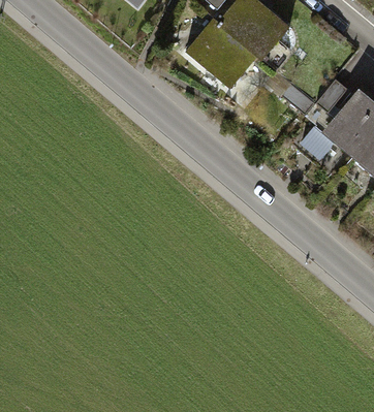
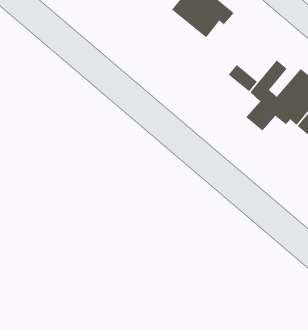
building: [186,21,255,85] -> none

